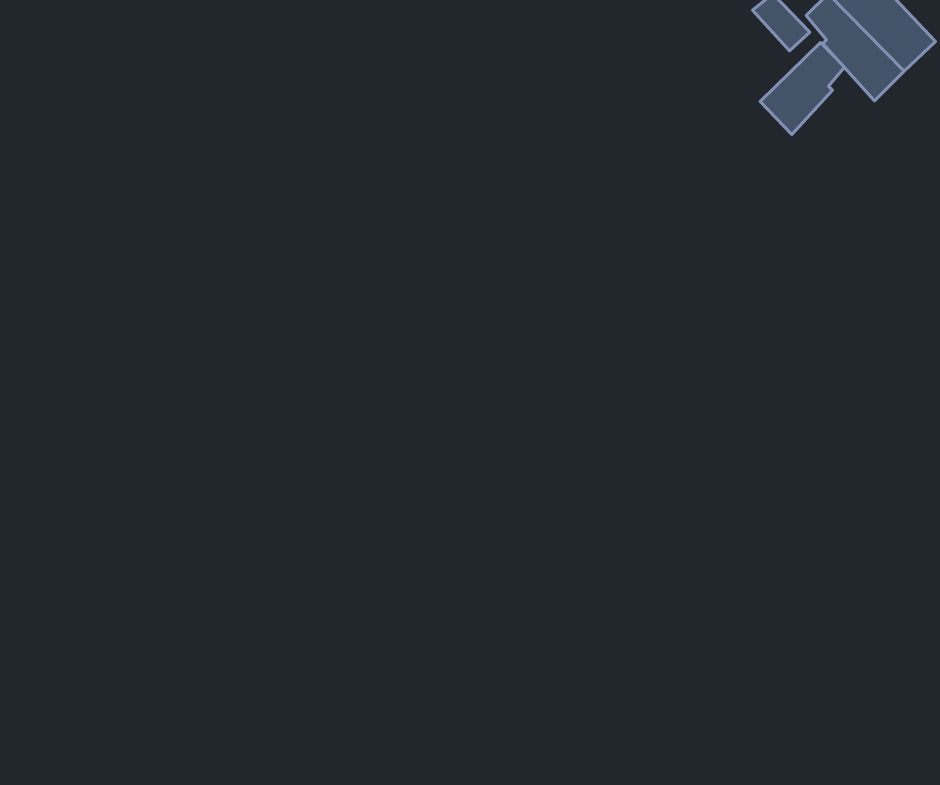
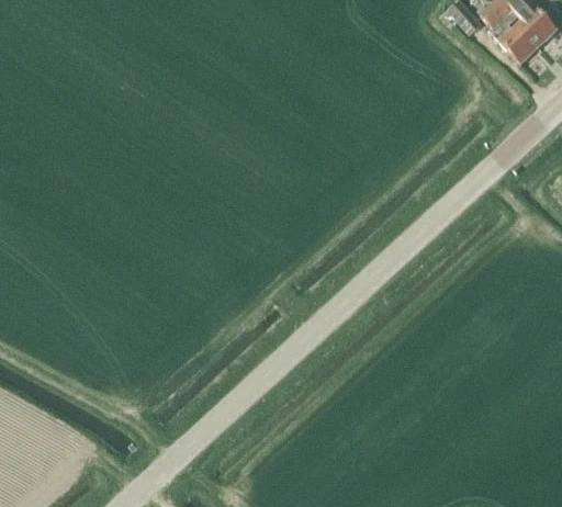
building: [760,43,844,135] -> none

